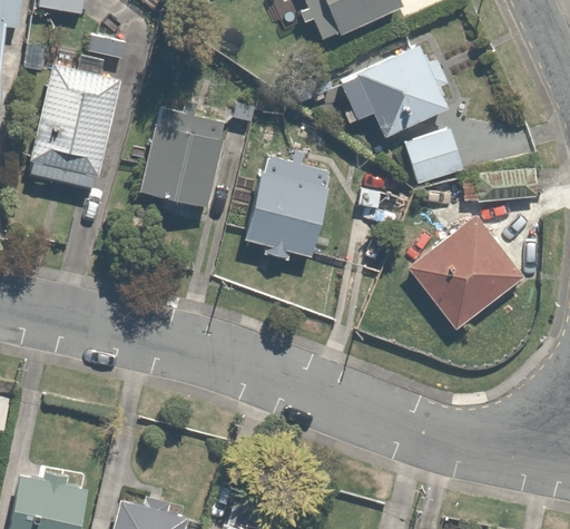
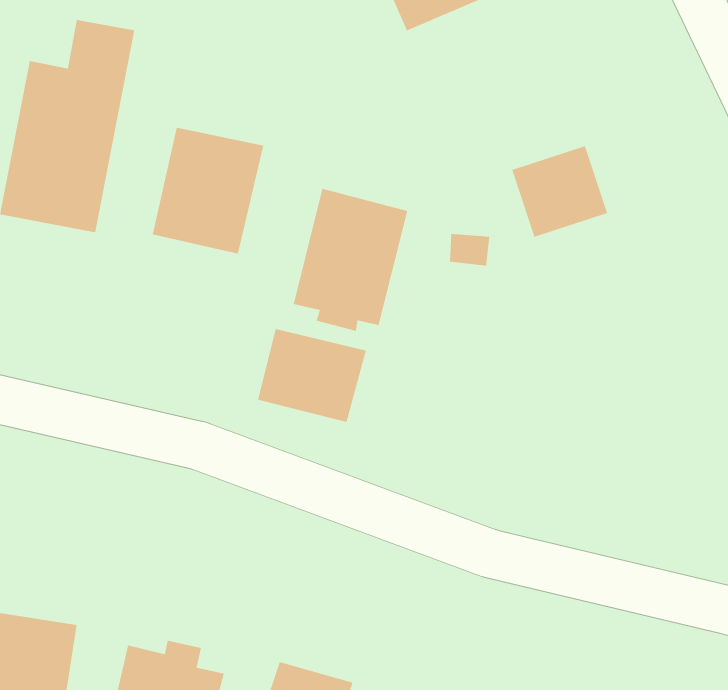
building: [340,38,448,140] -> none
building: [405,215,527,329] -> none
building: none -> [257,328,367,423]

